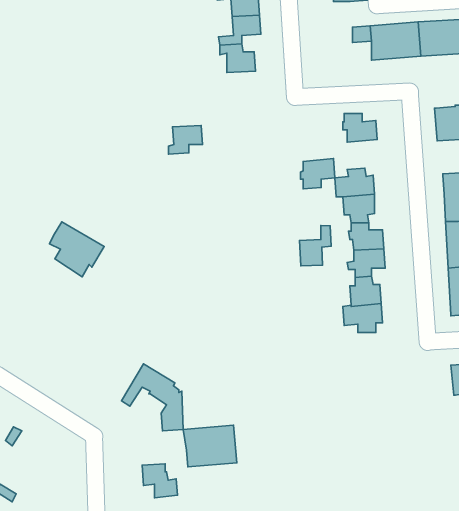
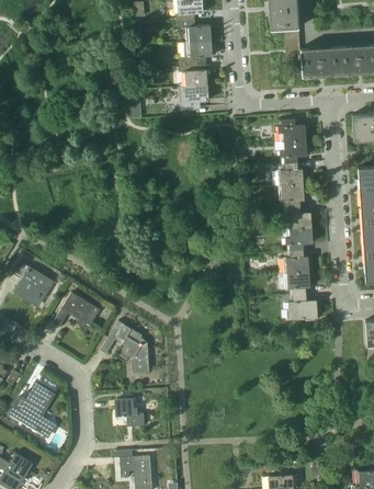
building: [168,125,203,154] -> [182,87,209,110]
building: [301,159,335,189] -> [280,141,307,166]
building: [50,222,104,277] -> [10,262,54,306]
building: [299,225,331,266] -> none
building: none -> [54,294,100,330]
building: none -> [282,296,318,320]
building: [183,425,237,467] -> none
building: none -> [10,385,55,433]

